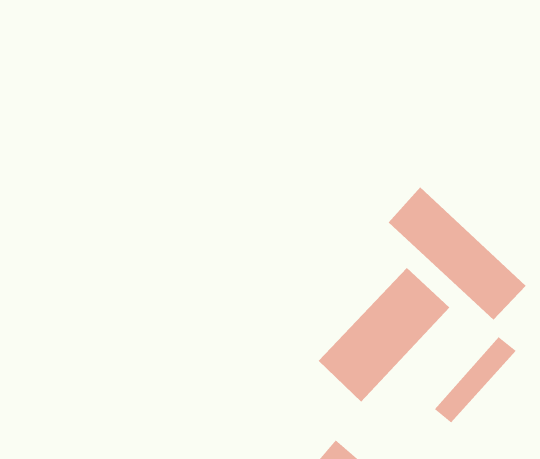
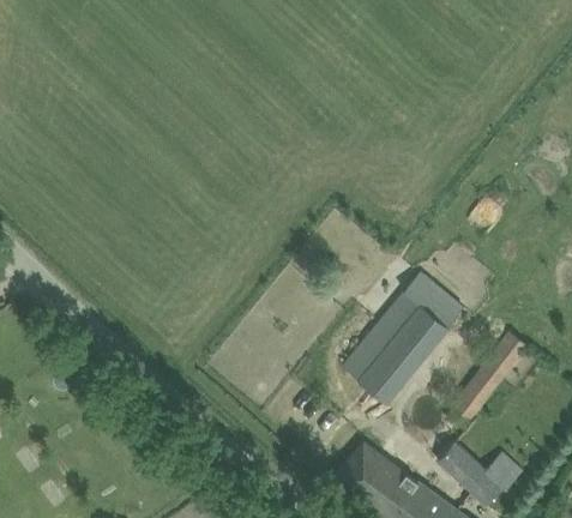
building: [388,187,526,321] -> none

